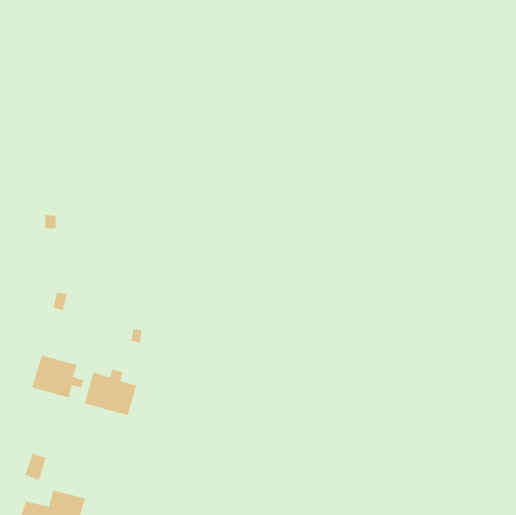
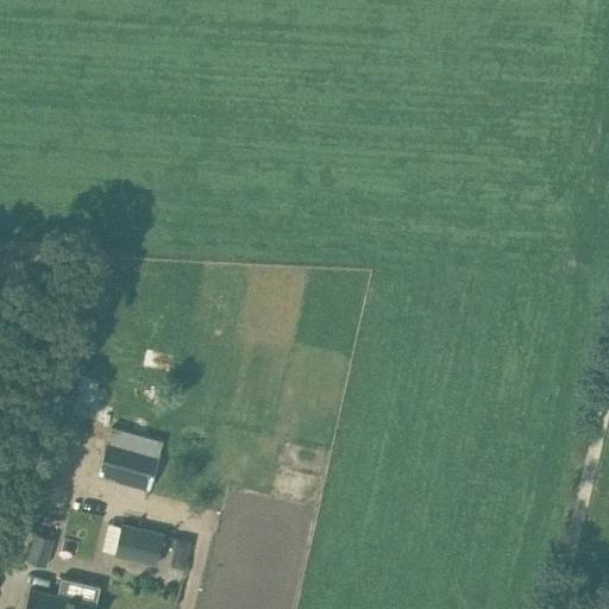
building: [31,354,84,399] -> none
building: none -> [115,523,167,566]

